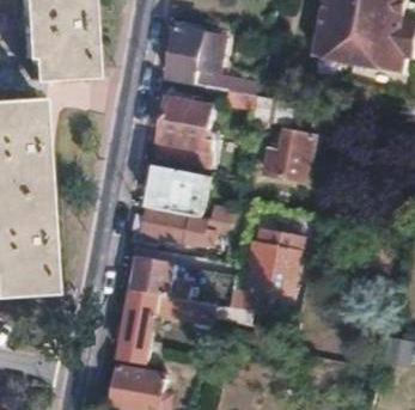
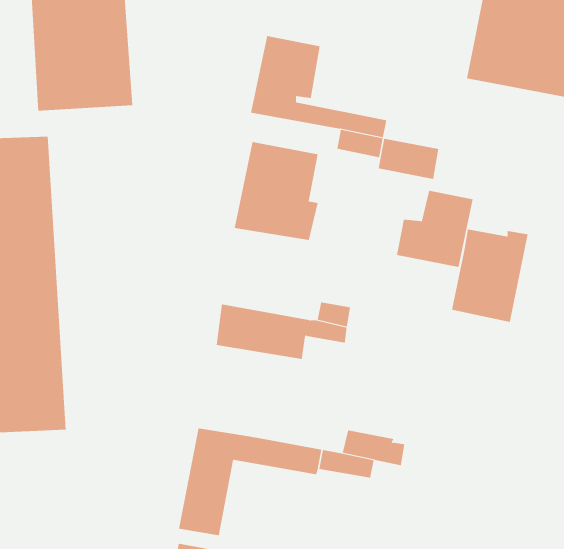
building: [147,165,208,215] -> none
building: [249,232,300,294] -> [451,229,528,322]
building: [132,256,175,294] -> none

